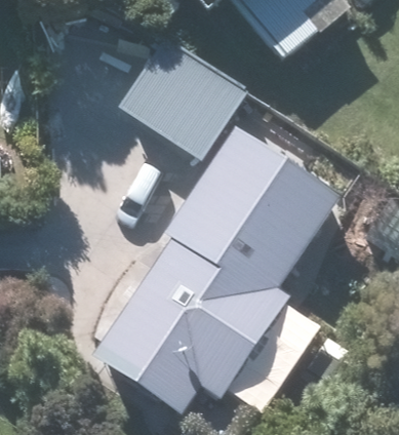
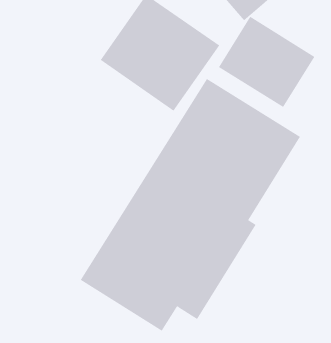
building: none -> [218,16,315,108]

